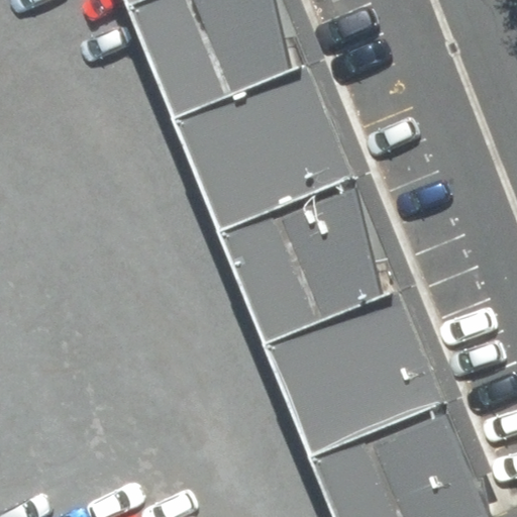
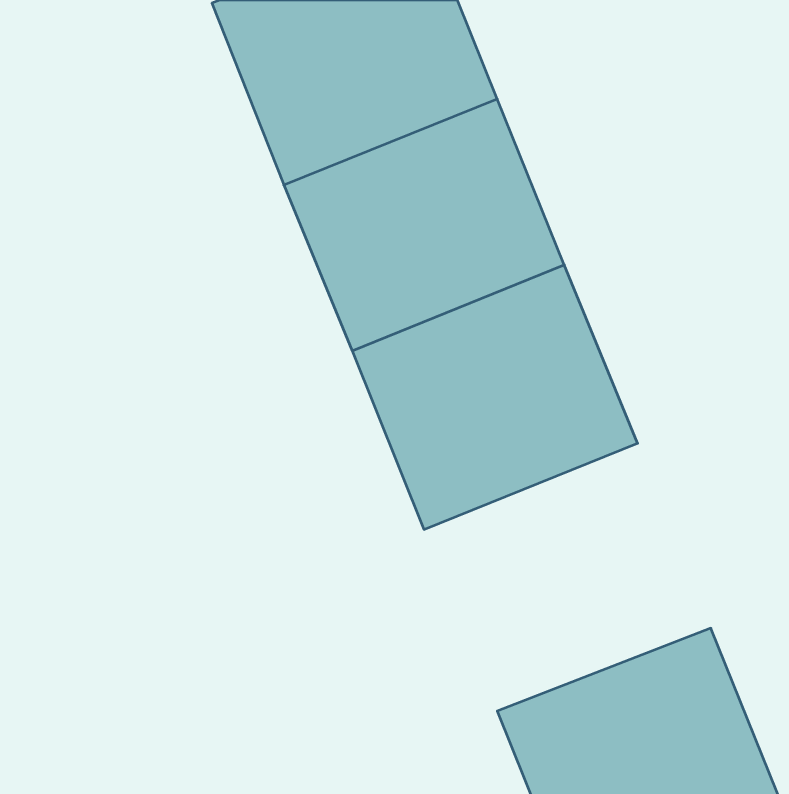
building: [269,294,450,463] -> none

